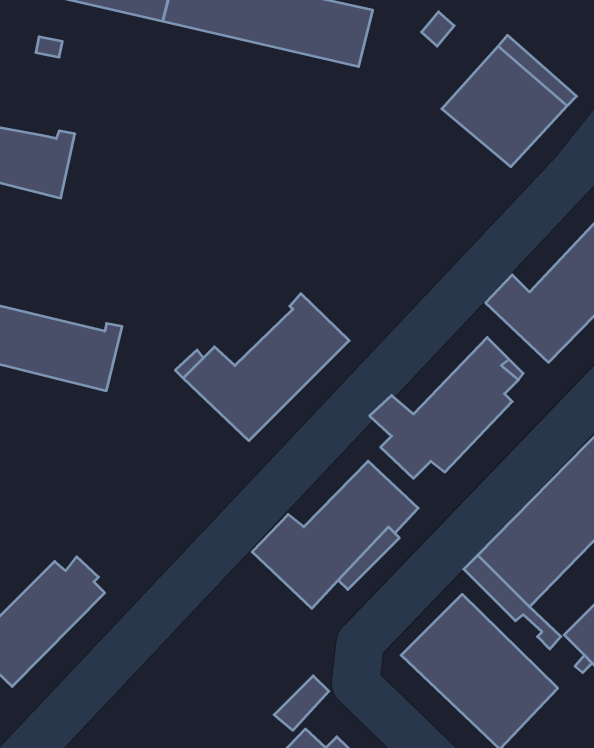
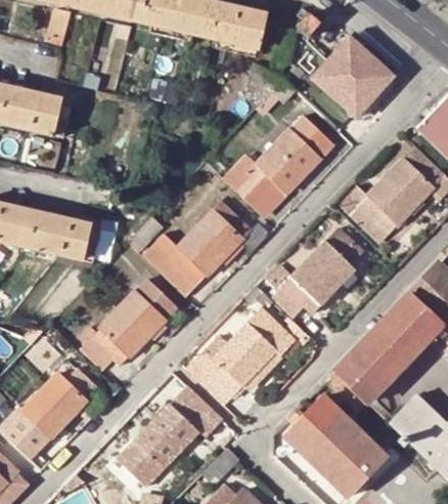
building: none -> [226,114,334,212]
building: none -> [81,278,176,369]
building: none -> [118,386,223,487]

